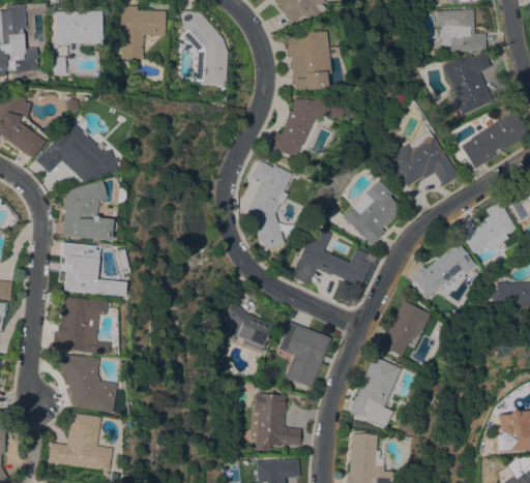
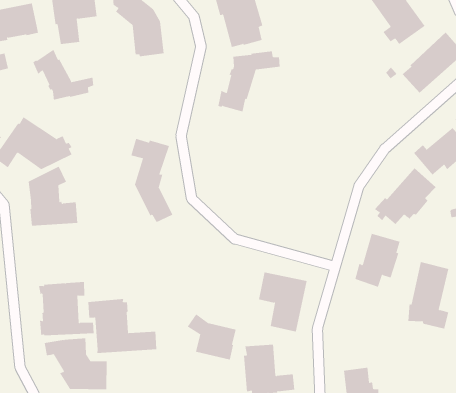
building: none -> [33,49,94,101]
building: [388,130,460,186] -> none
building: [251,160,293,249] -> [130,138,173,223]
building: [343,180,402,245] -> none
building: [292,238,372,288] -> none
building: [58,242,124,302] -> [88,299,157,354]
building: [224,302,273,355] -> [187,314,236,360]
building: [351,356,402,428] -> [408,262,449,329]

